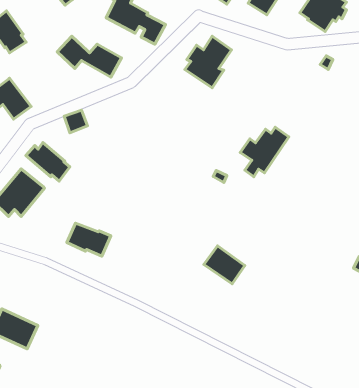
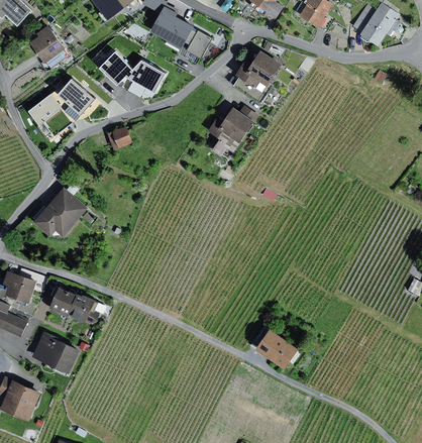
building: none -> [58,77,95,114]
building: [240,127,289,177] -> [207,105,257,156]
building: [26,142,70,181] -> none
building: [67,223,111,256] -> [49,287,95,321]
building: [204,246,245,284] -> [255,329,298,368]

